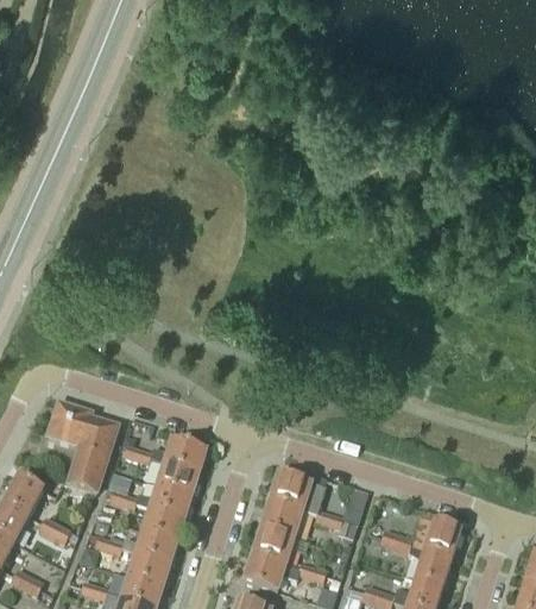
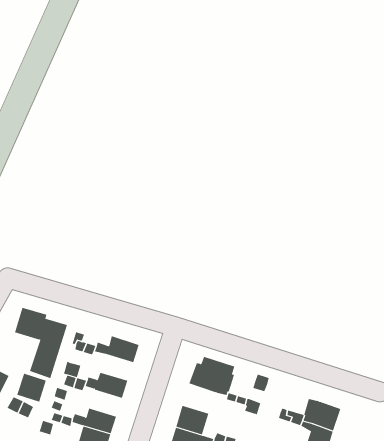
building: [156,464,198,497] -> none
building: none -> [17,373,47,403]
building: [259,501,302,539] -> none
building: [141,509,184,542] -> none

